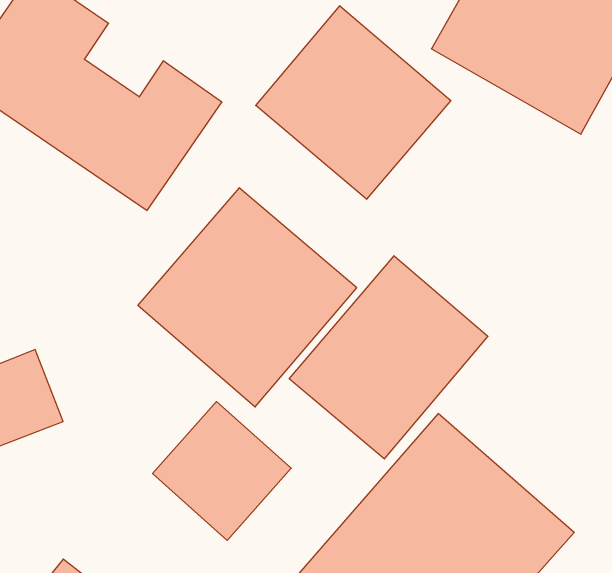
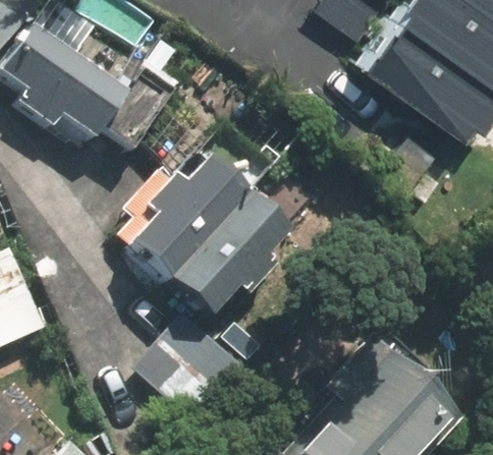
building: [256,6,451,199] -> none
building: [289,256,488,459] -> none

